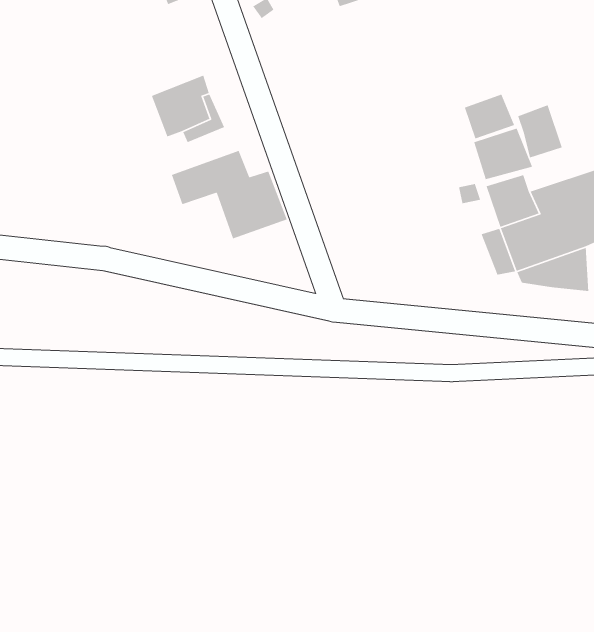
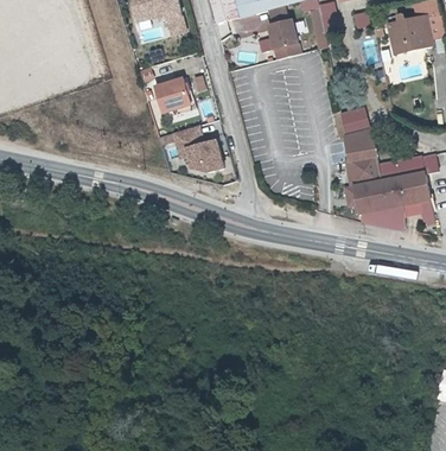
building: [517,104,563,159] -> none

